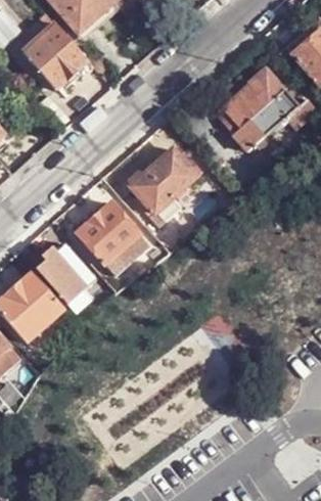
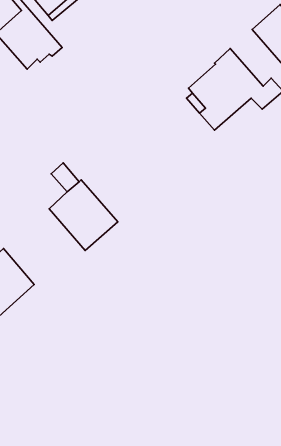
building: [130,147,196,212] -> none
building: [36,242,96,304] -> none

